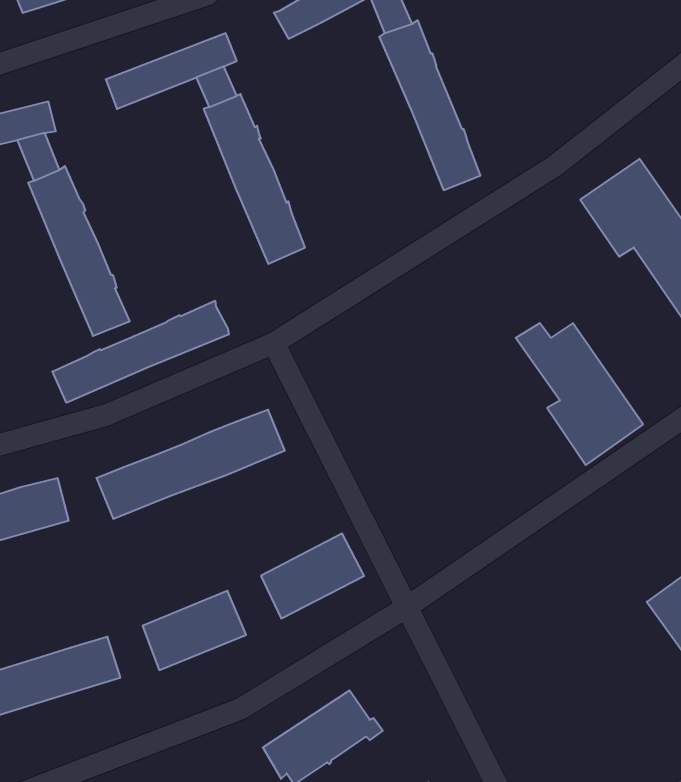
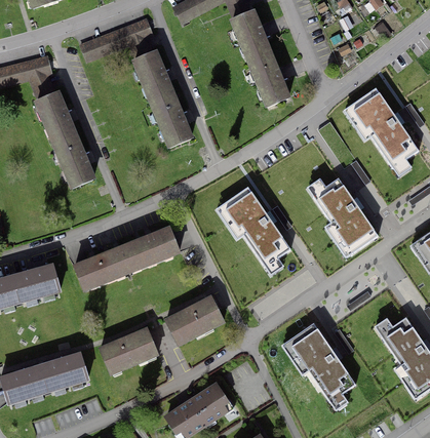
building: [52,301,229,403] -> none
building: none -> [218,188,291,276]
building: none -> [289,320,356,400]

